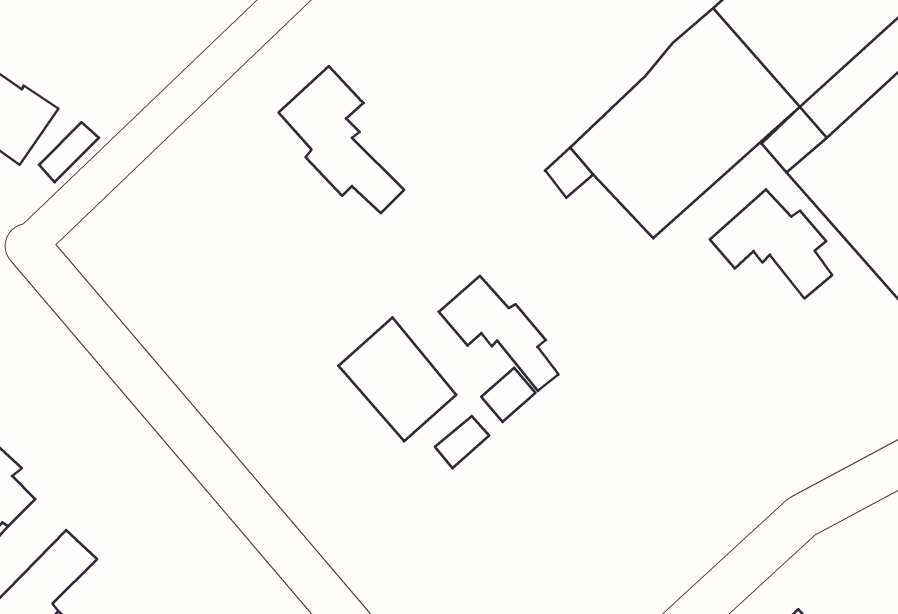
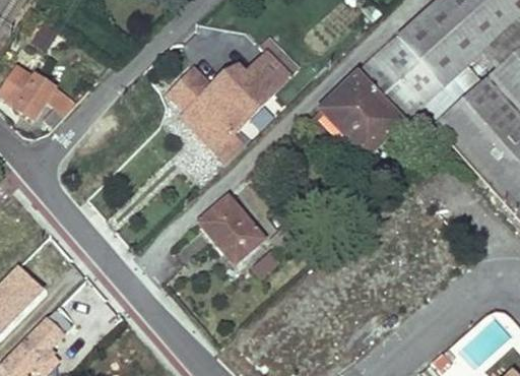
building: none -> [204,42,299,129]
building: [710,189,832,298] -> none
building: [439,276,558,391] -> none

